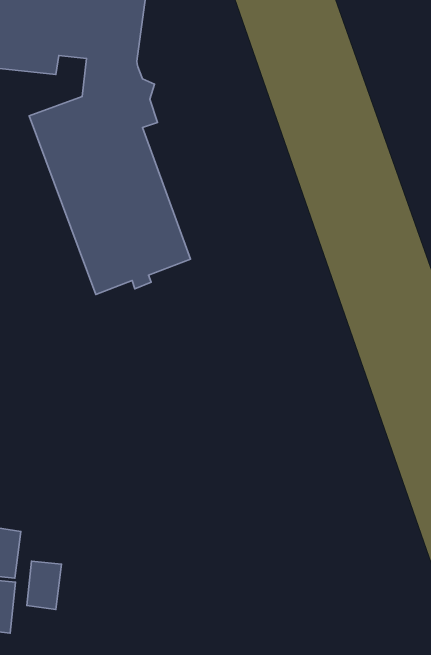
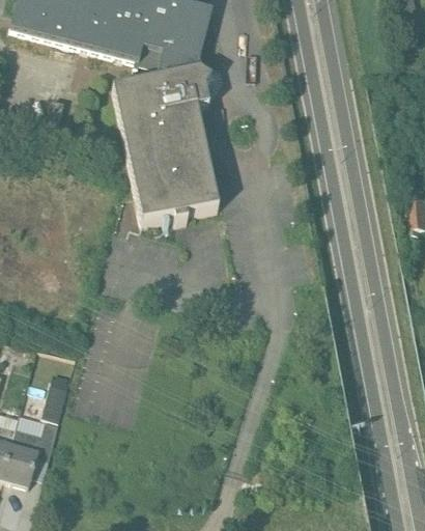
building: [27,561,61,610] -> none

